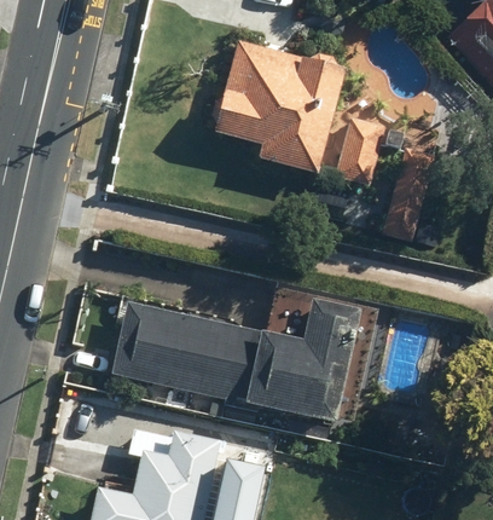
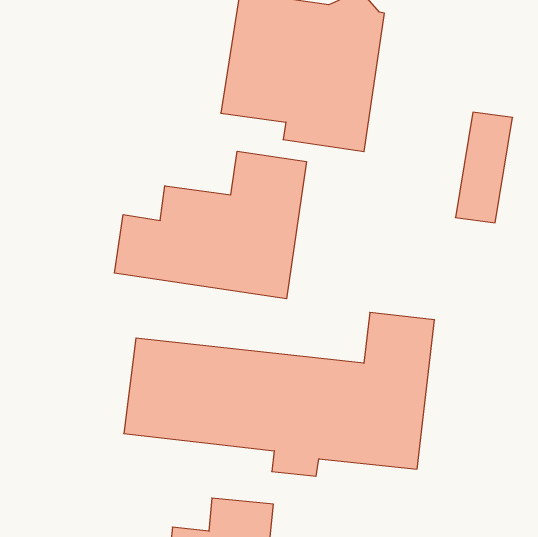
building: [337,115,387,184] -> none
building: none -> [114,151,306,299]

